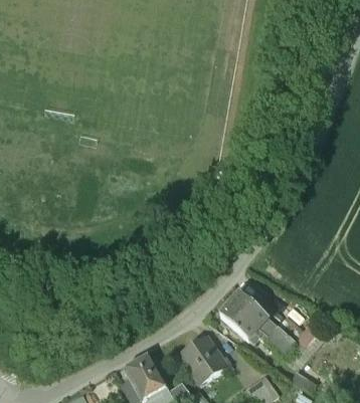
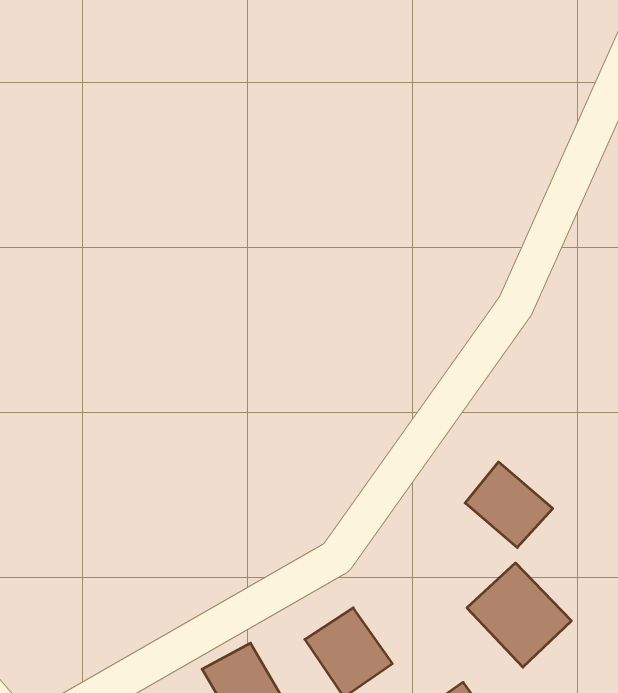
building: [221,291,268,338] -> [465,462,553,548]

